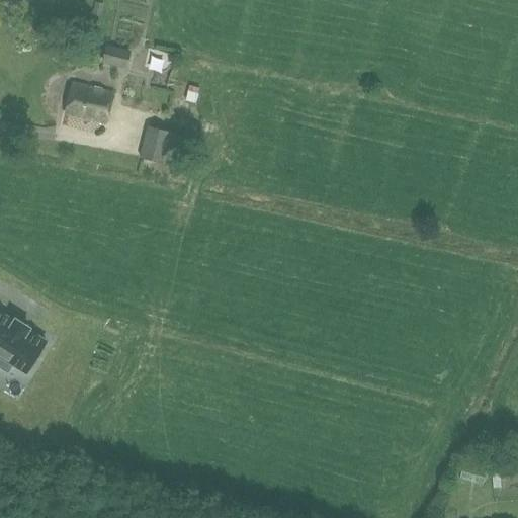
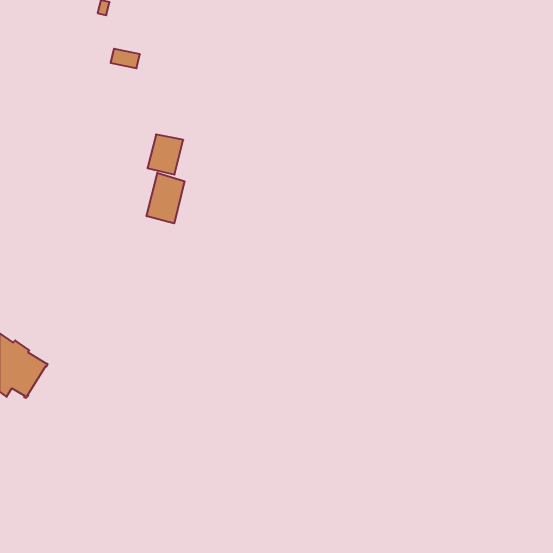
building: [65,84,110,121] -> none
building: none -> [147,173,185,223]

